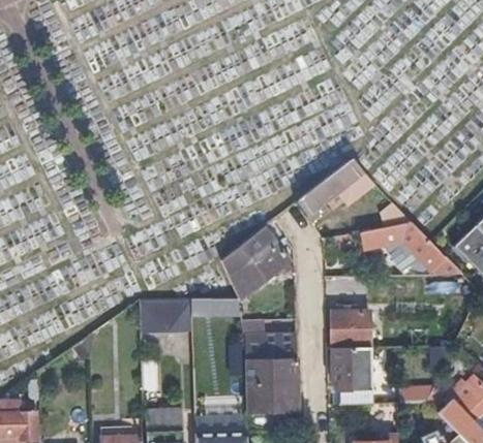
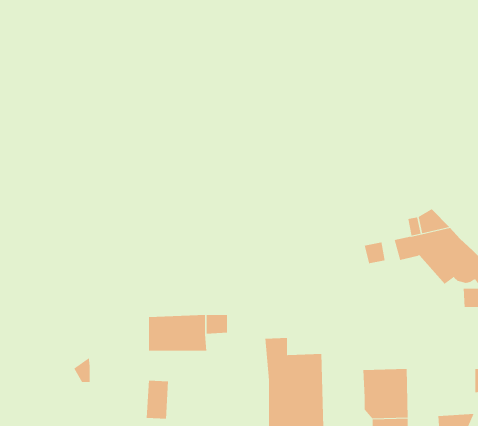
building: [298,160,369,223] -> none
building: [221,226,290,298] -> none
building: [332,313,372,349] -> none

